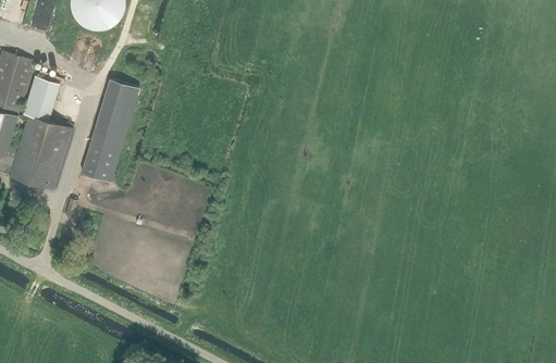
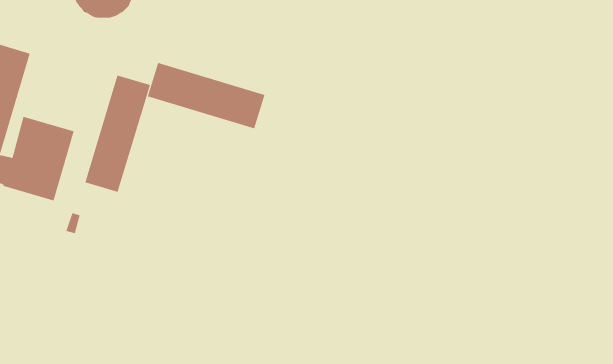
building: none -> [147,62,265,129]
building: [23,76,60,122] -> none

